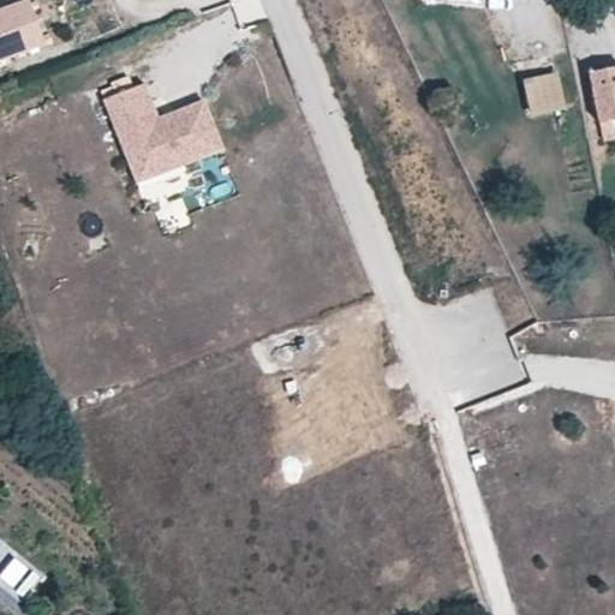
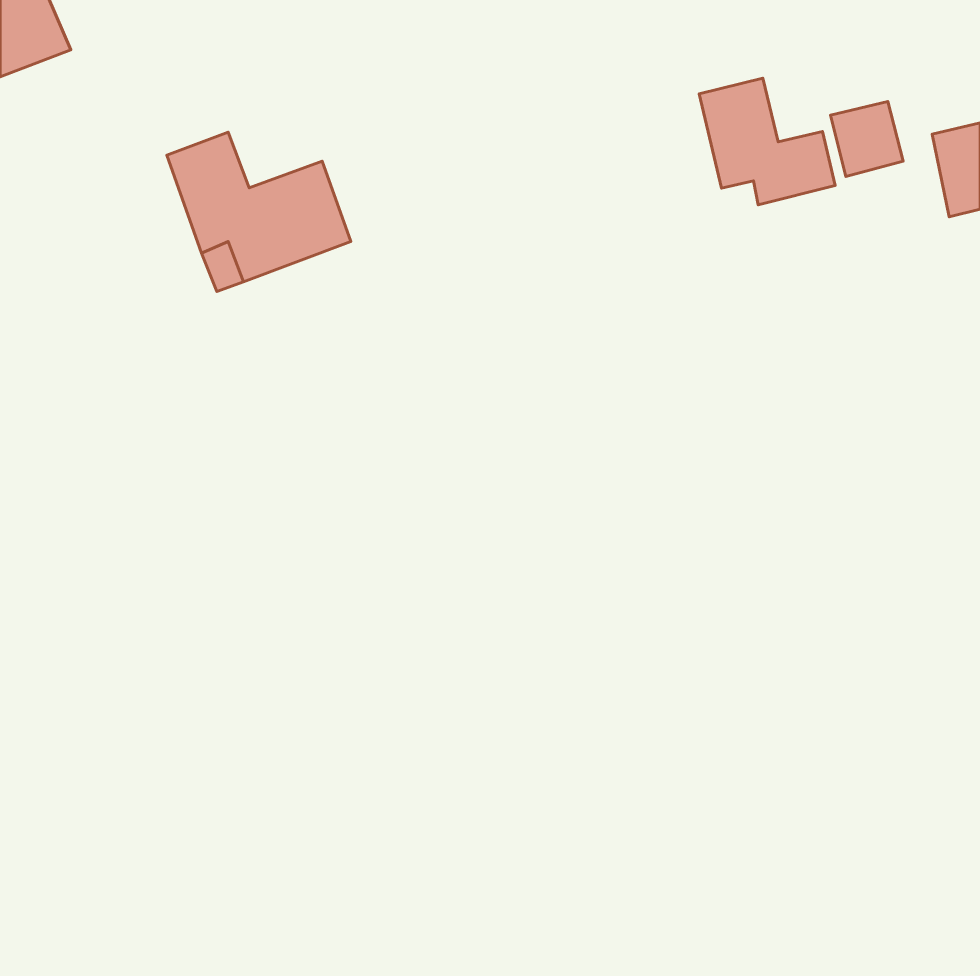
building: none -> [699,78,835,205]

